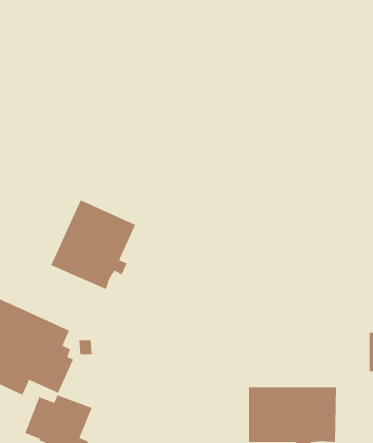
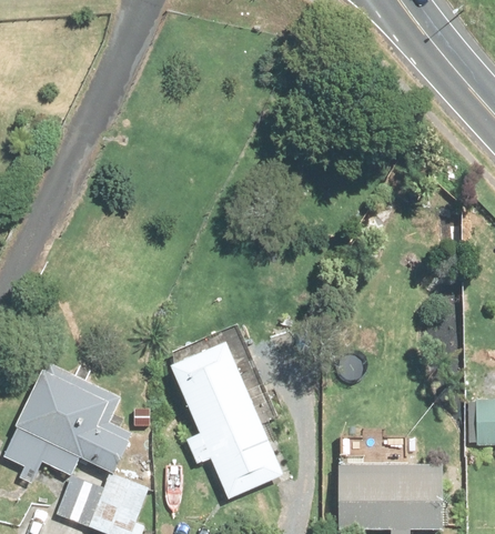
building: [50,200,136,290] -> none
building: none -> [170,340,282,497]

